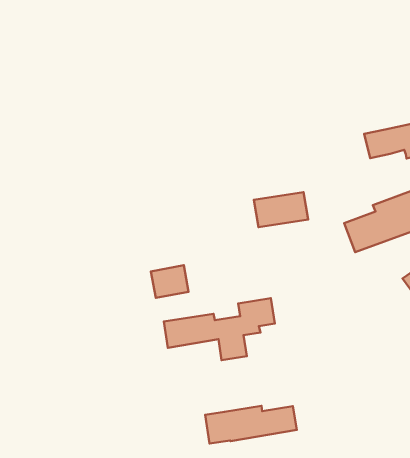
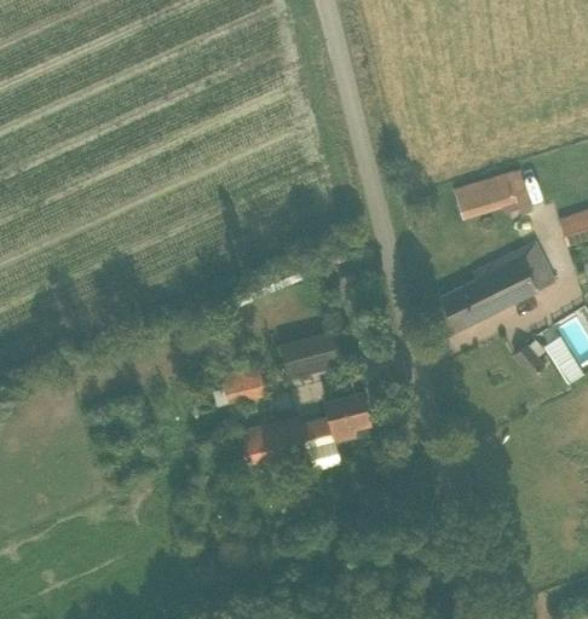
building: [254,192,308,227] -> [279,331,345,377]
building: [205,406,297,443] -> none

